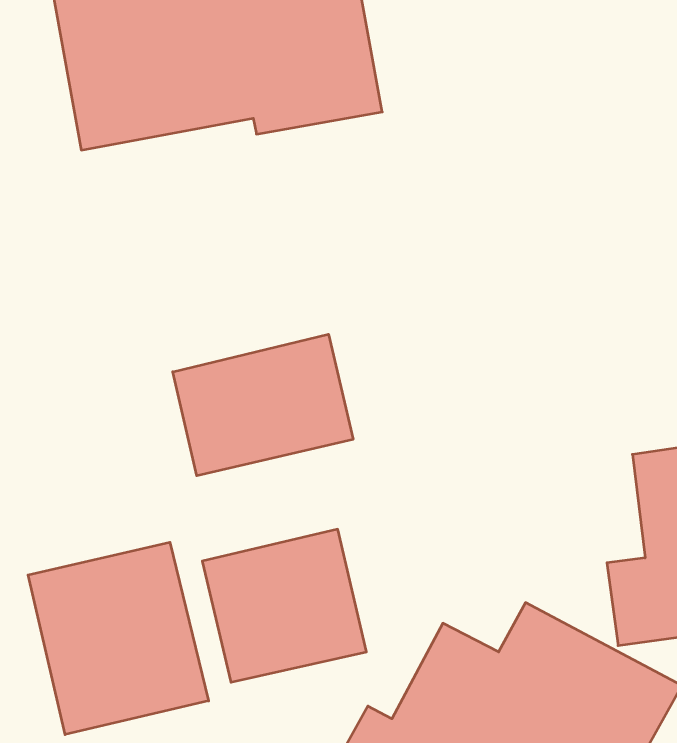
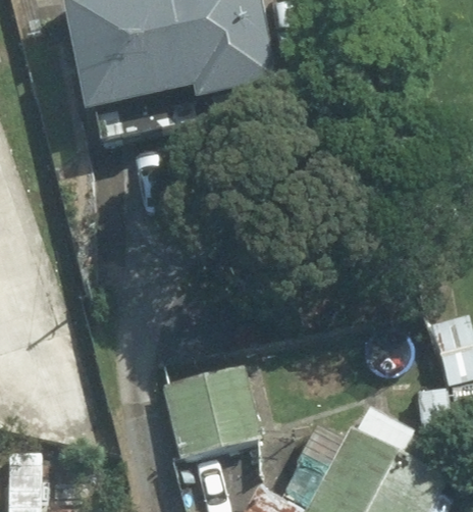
building: [173,334,353,476] -> none
building: [28,542,209,735] -> none

